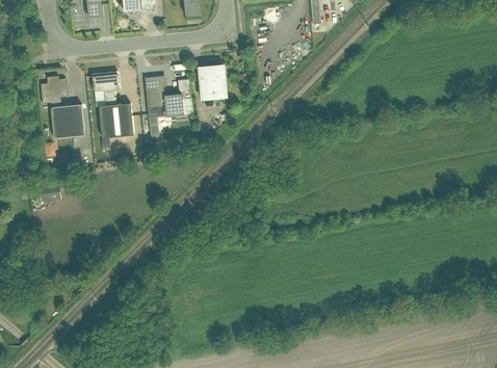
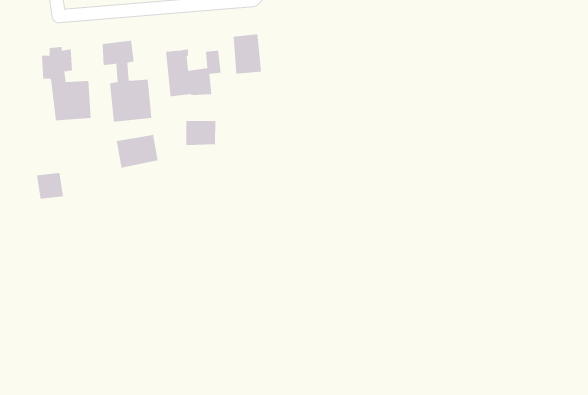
building: none -> [186,120,216,146]
building: none -> [116,134,158,169]

